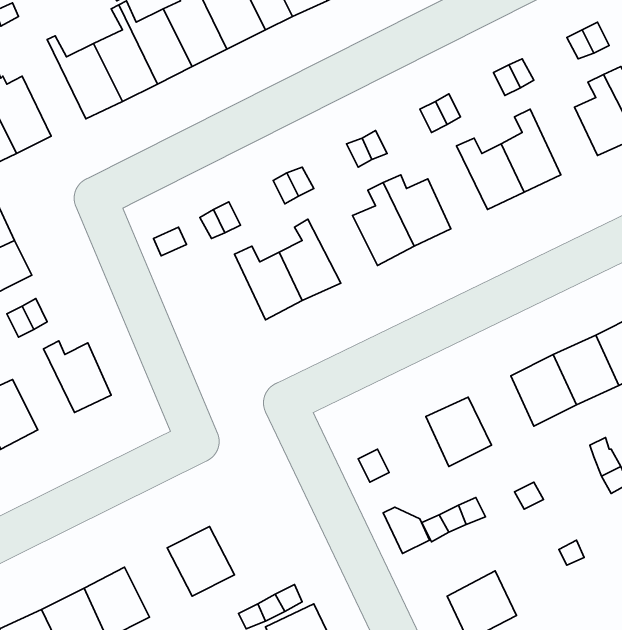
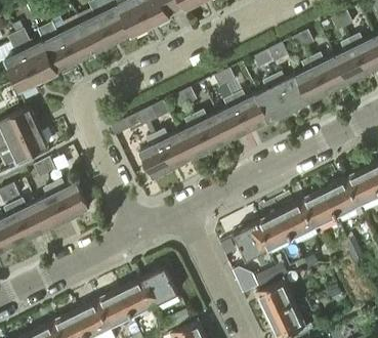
building: none -> [42,22,76,73]
building: none -> [311,54,347,93]
building: none -> [257,78,289,122]
building: none -> [194,112,230,151]
building: none -> [138,135,171,179]
building: none -> [37,185,70,228]
building: none -> [279,200,313,237]
building: none -> [233,221,268,259]
building: none -> [141,268,177,305]
building: none -> [256,281,293,316]
building: none -> [96,291,132,328]

